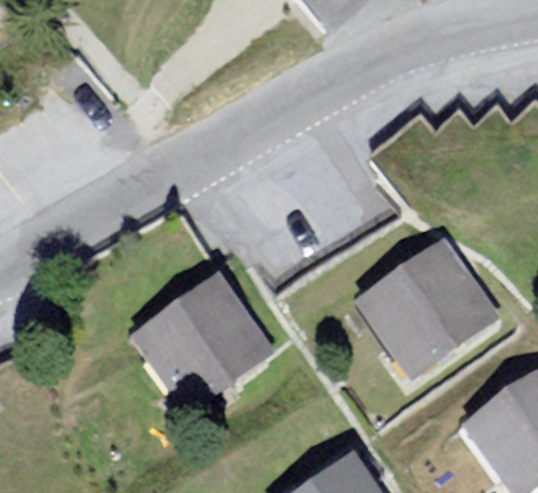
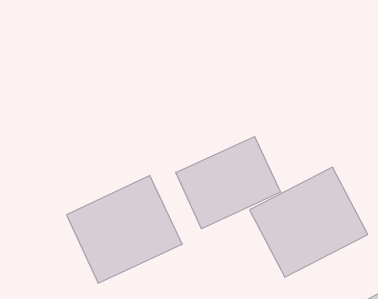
building: none -> [176,136,281,229]

